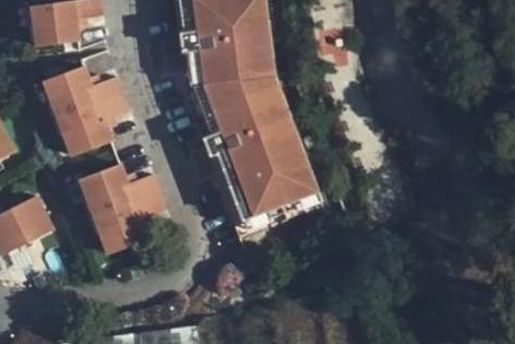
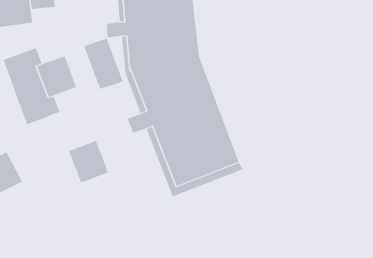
building: none -> [84,38,123,90]
building: [80,167,148,257] -> none

